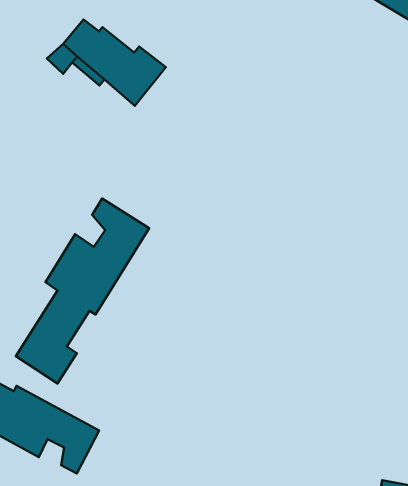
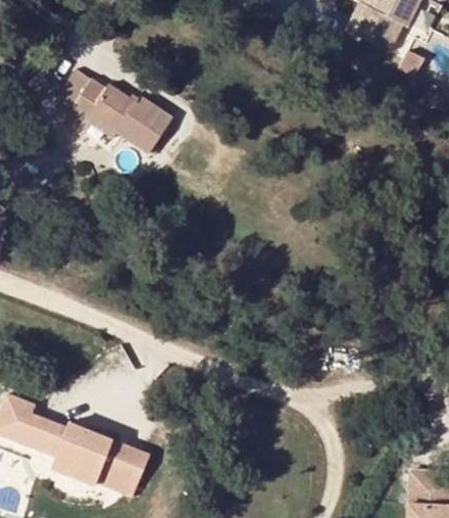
building: [16,199,149,383] -> none

